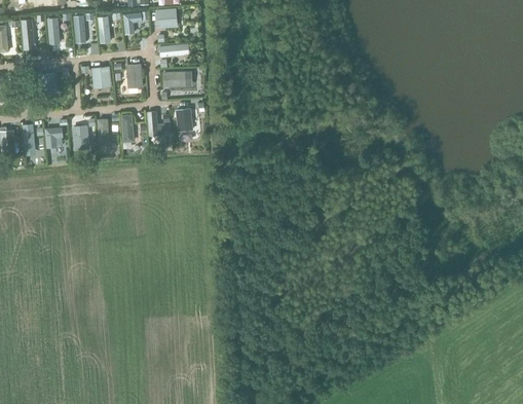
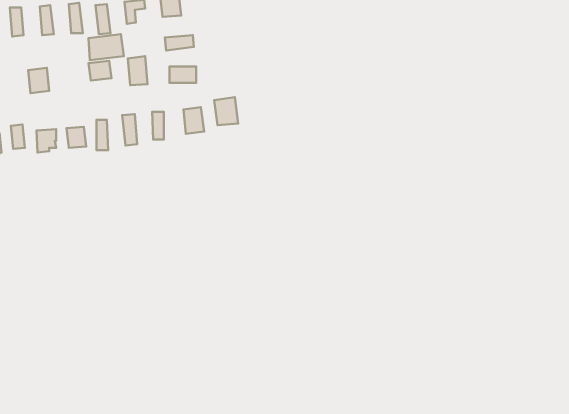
building: none -> [88,34,124,60]
building: none -> [214,97,238,125]

